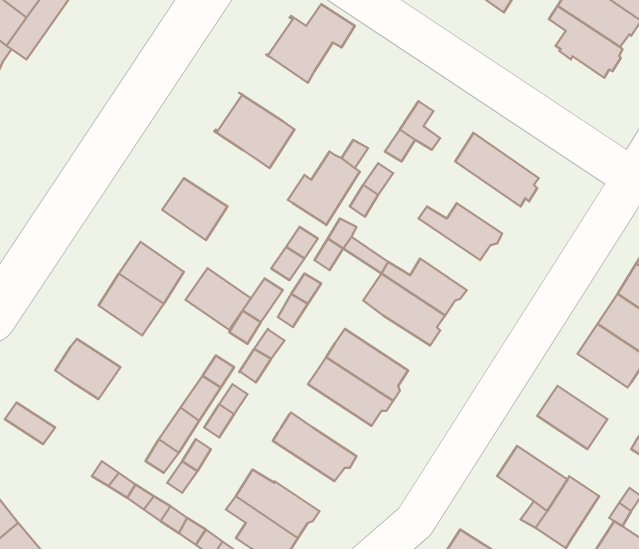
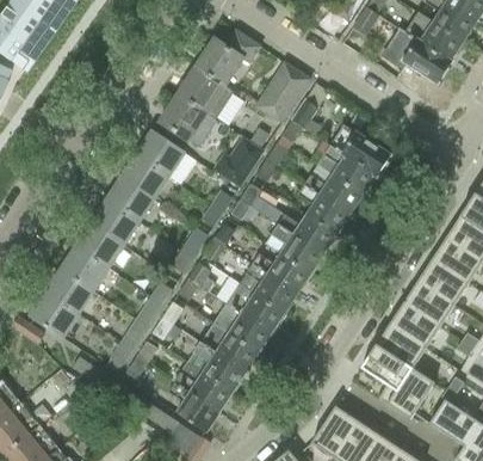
building: none -> [255,62,310,123]
building: none -> [177,67,234,121]
building: none -> [137,131,184,176]
building: none -> [322,143,377,195]
building: none -> [297,184,348,235]
building: [186,268,251,330] -> [106,178,153,222]
building: none -> [61,246,107,290]
building: none -> [252,253,312,293]
building: none -> [403,281,453,327]
building: none -> [30,293,76,337]
building: none -> [212,302,271,354]
building: none -> [374,325,425,370]
building: none -> [186,343,244,393]

